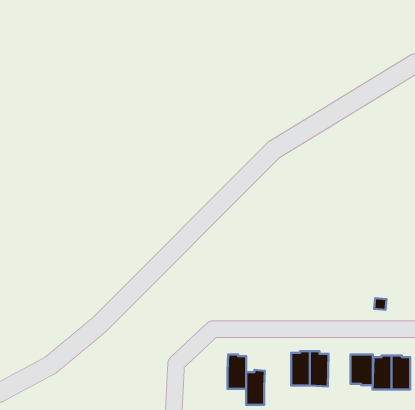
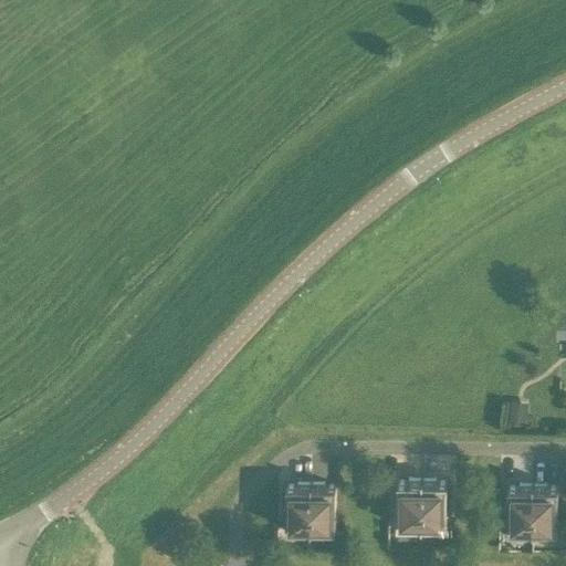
building: [351,354,373,385] -> none
building: [246,370,265,405] -> [284,489,310,536]

